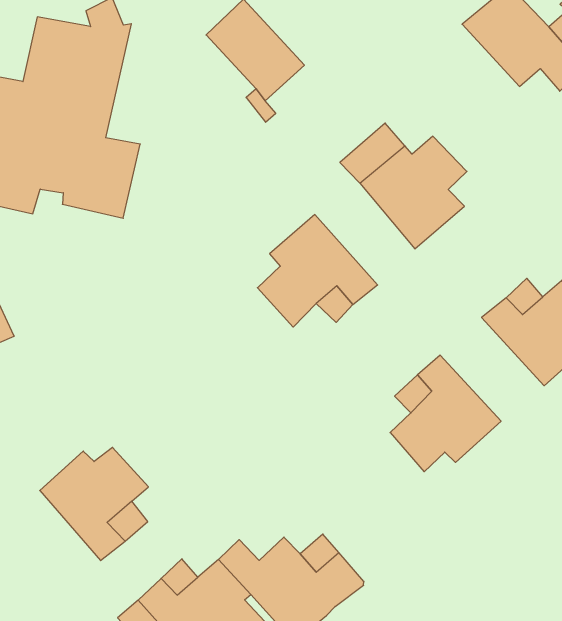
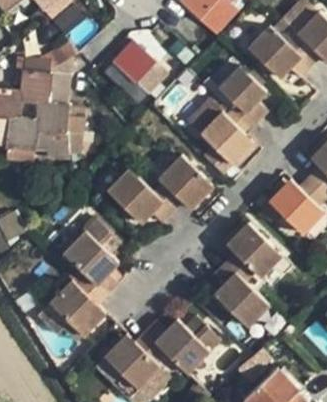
building: none -> [218,66,266,123]
building: none -> [105,168,171,223]
building: none -> [59,220,114,298]
building: none -> [211,261,267,325]

